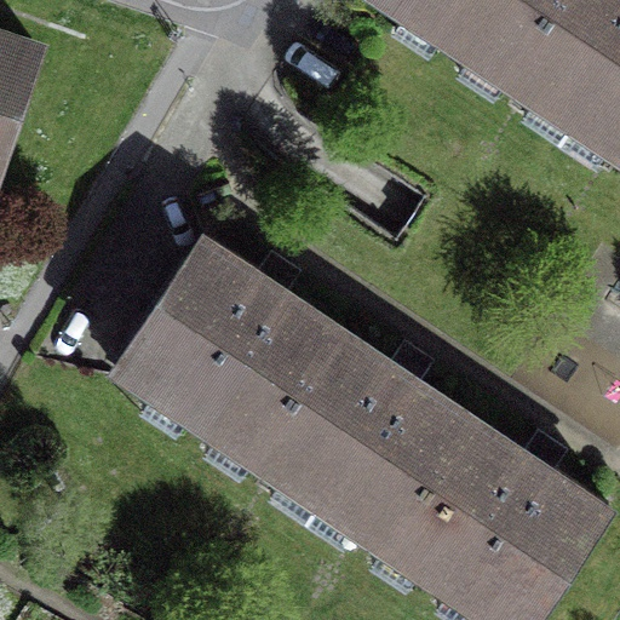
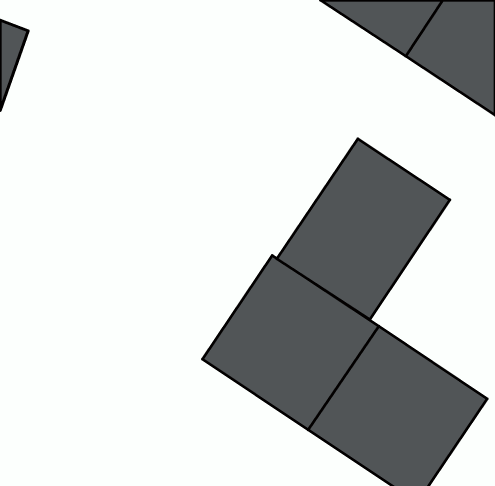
building: none -> [277,139,450,319]
building: [116,239,340,460] -> none

